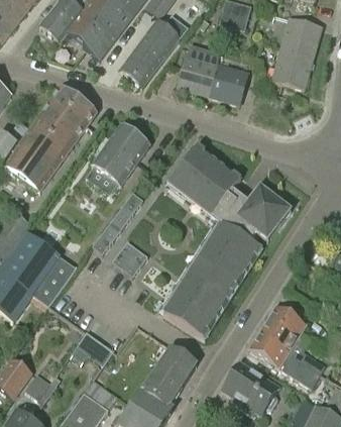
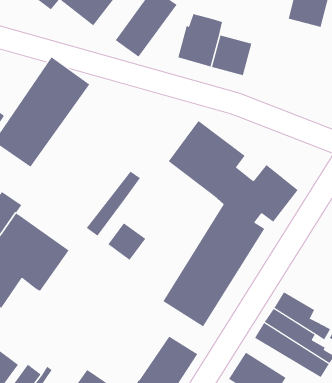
building: [273,49,313,89] -> none
building: [88,123,150,193] -> none
building: [74,331,115,365] -> none

